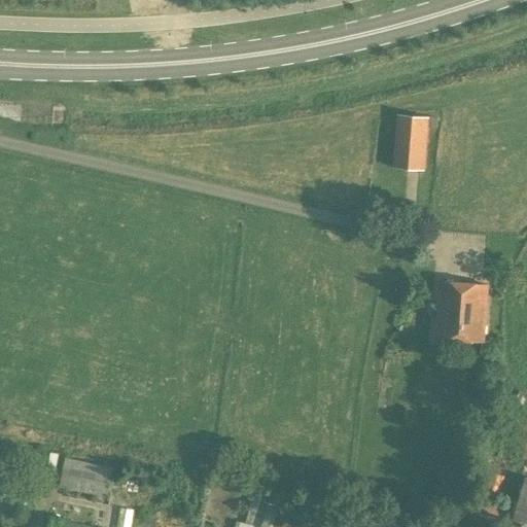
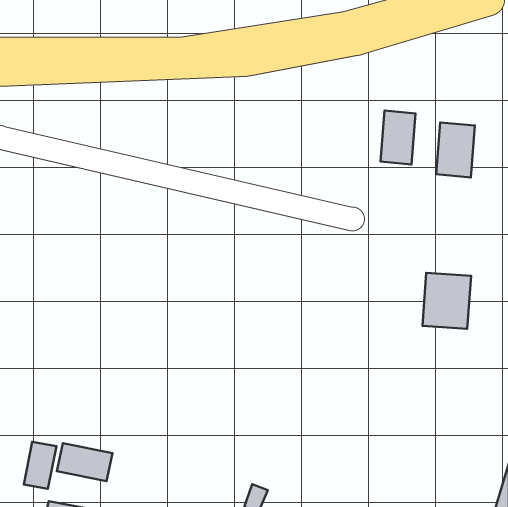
building: none -> [436,122,475,177]
building: none -> [24,442,56,489]

